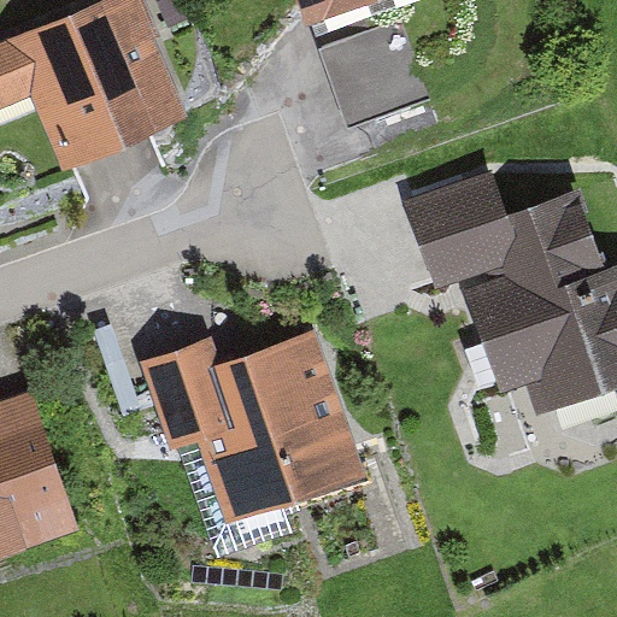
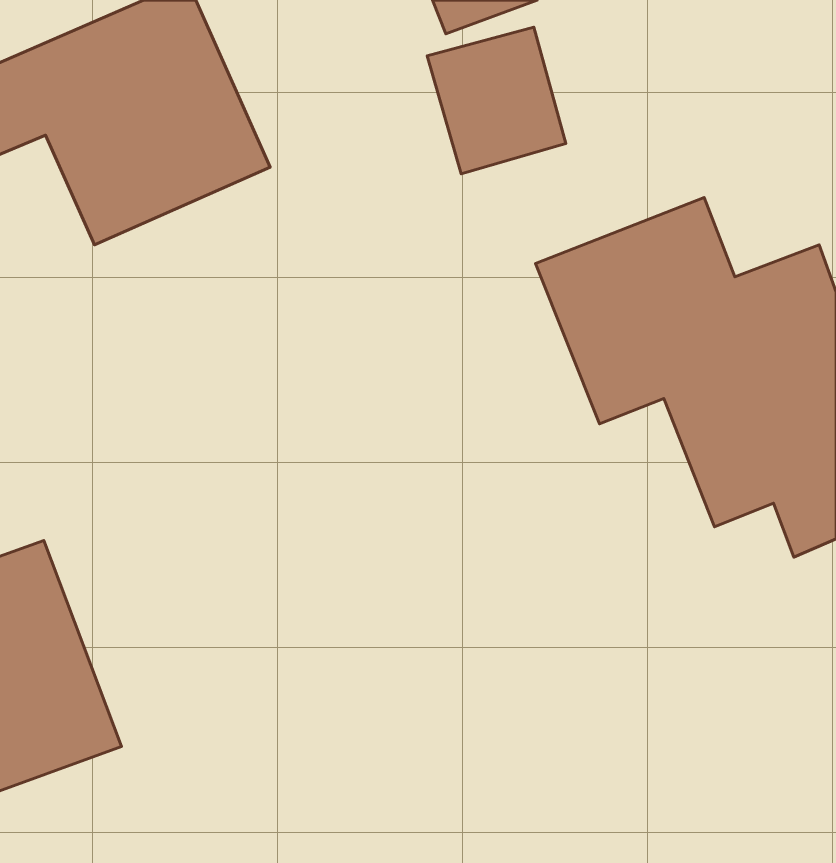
building: [135,339,364,528] -> none

